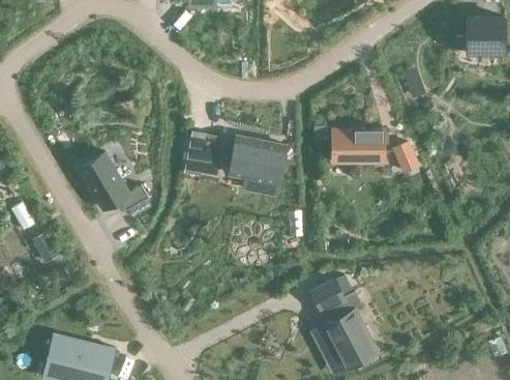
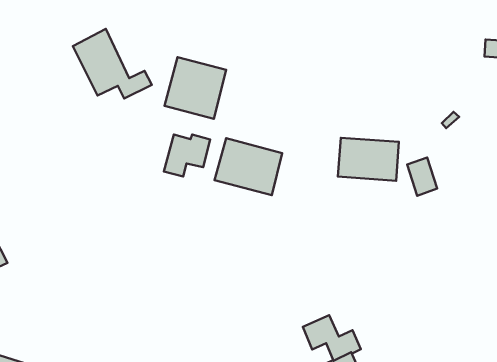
building: none -> [164,57,226,119]
building: [79,152,148,210] -> [73,29,152,99]

